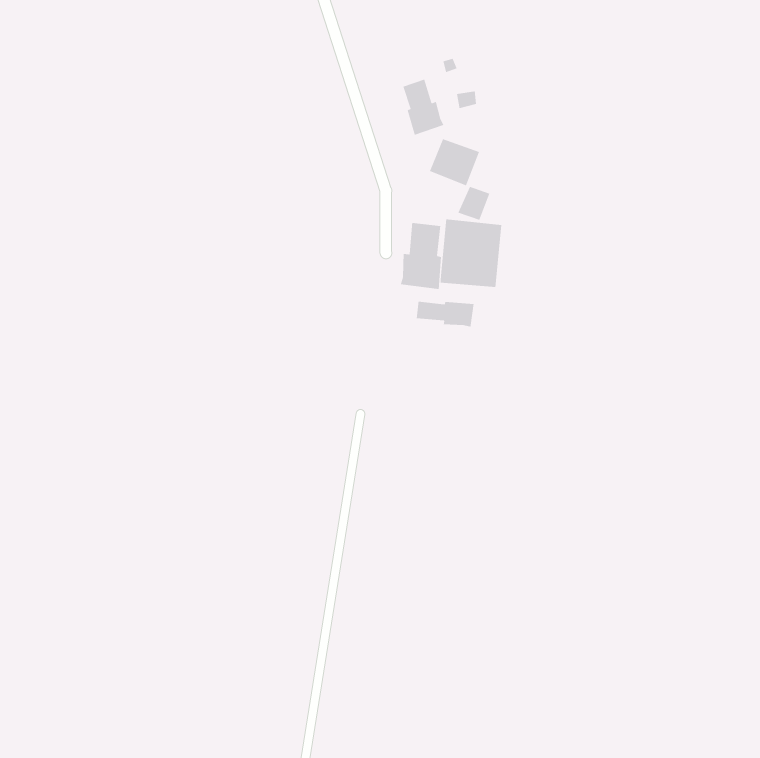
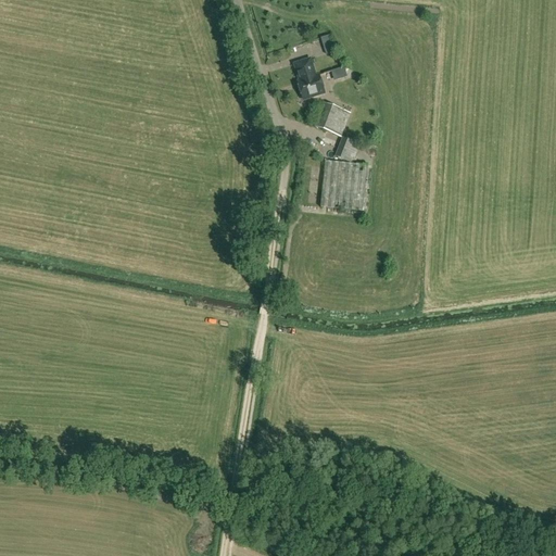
building: [400,222,442,290] -> none
building: [416,301,474,327] -> none

